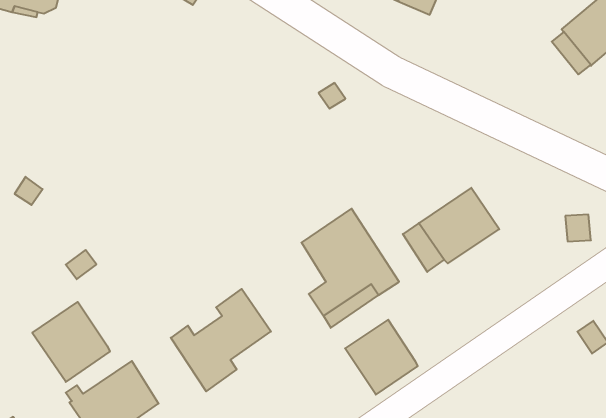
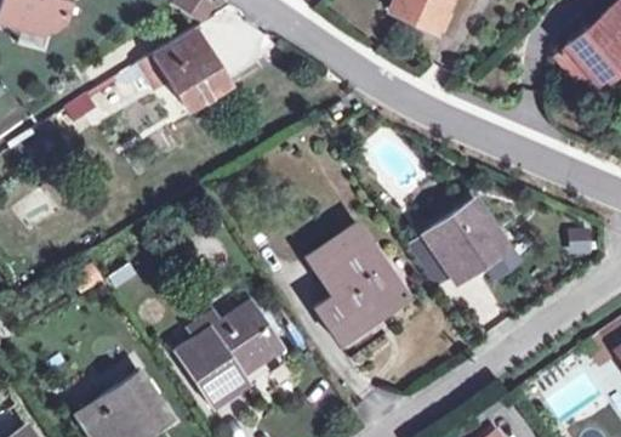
building: none -> [63,29,228,120]
building: [32,302,110,382] -> none
building: [345,320,418,395] -> none

